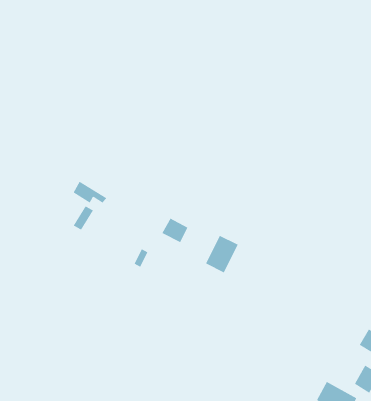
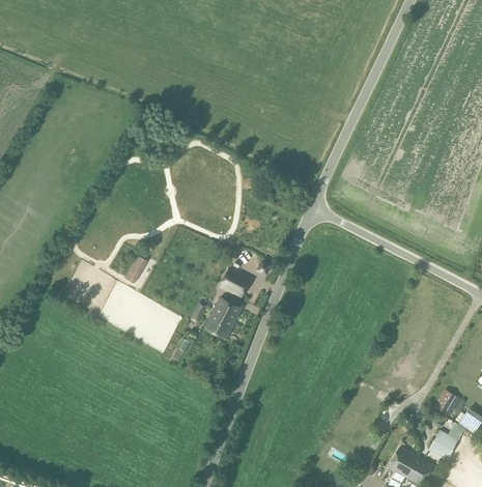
building: [73,181,107,204] -> none
building: [205,235,239,273] -> [204,297,240,339]

